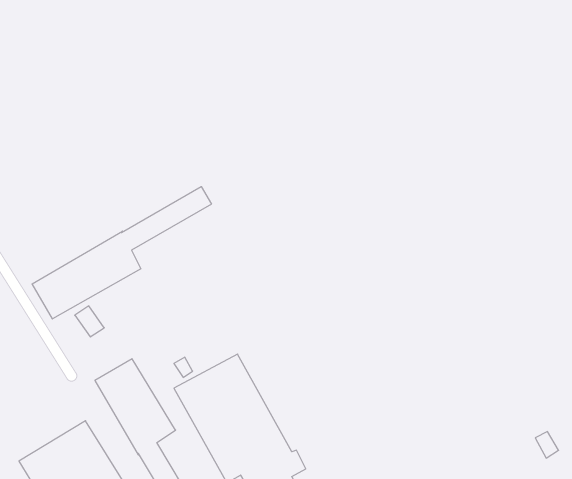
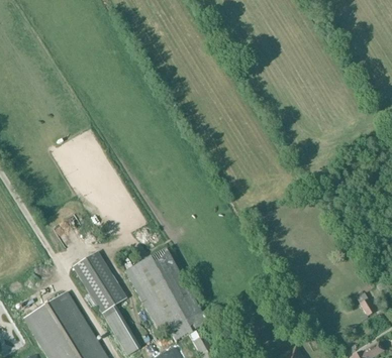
building: [32,187,211,319] -> none

